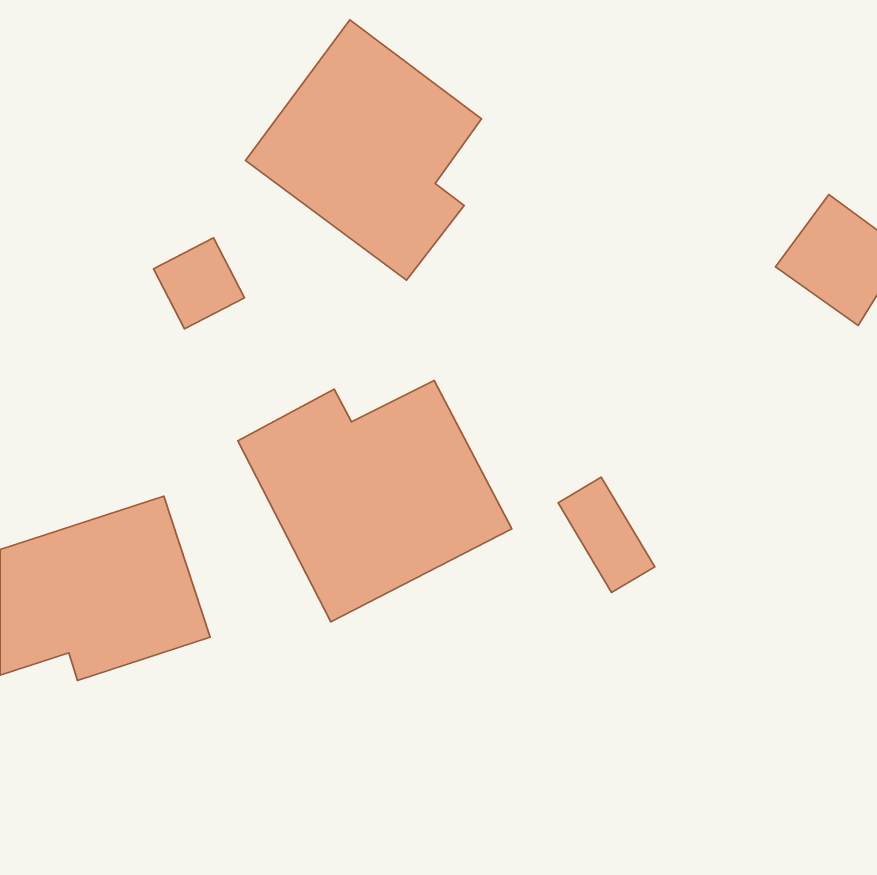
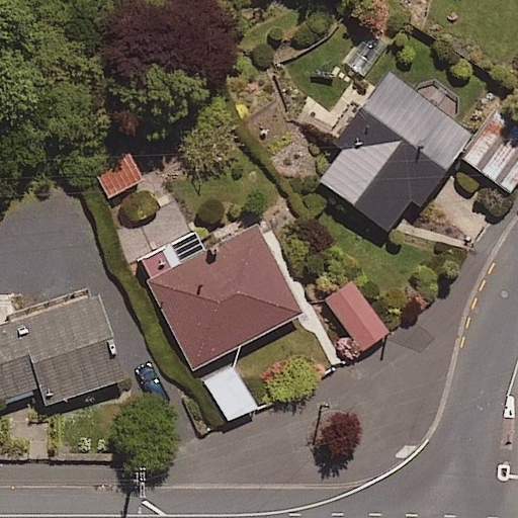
building: [245,20,482,280] -> none
building: none -> [311,75,463,239]

